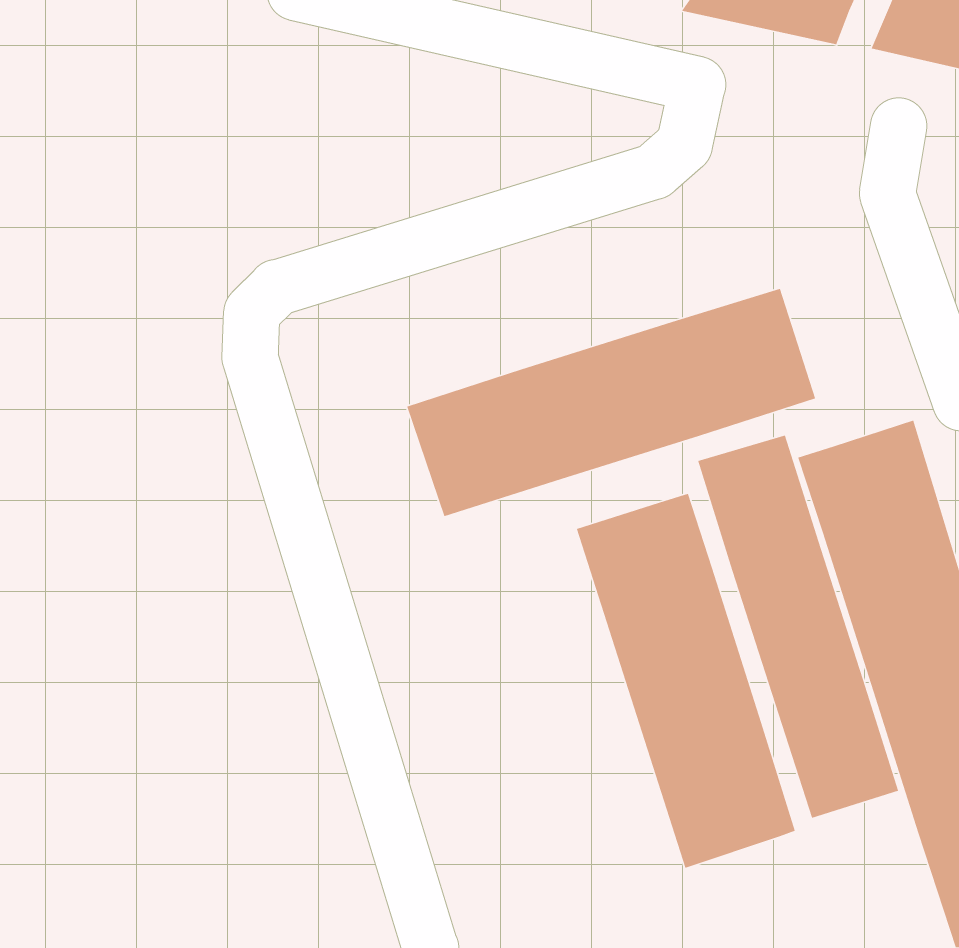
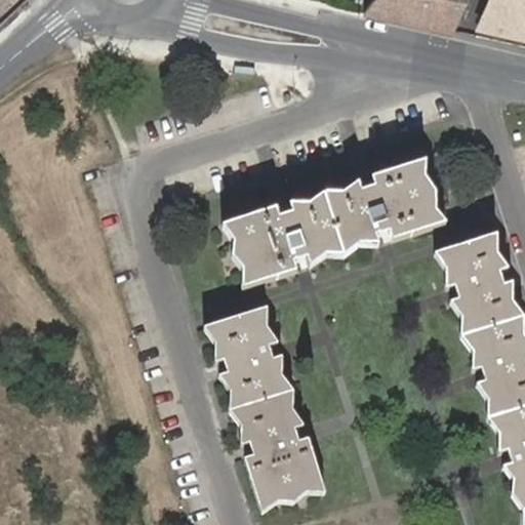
building: [697,435,899,819] -> none
building: [576,493,796,869] -> [205,302,325,508]

